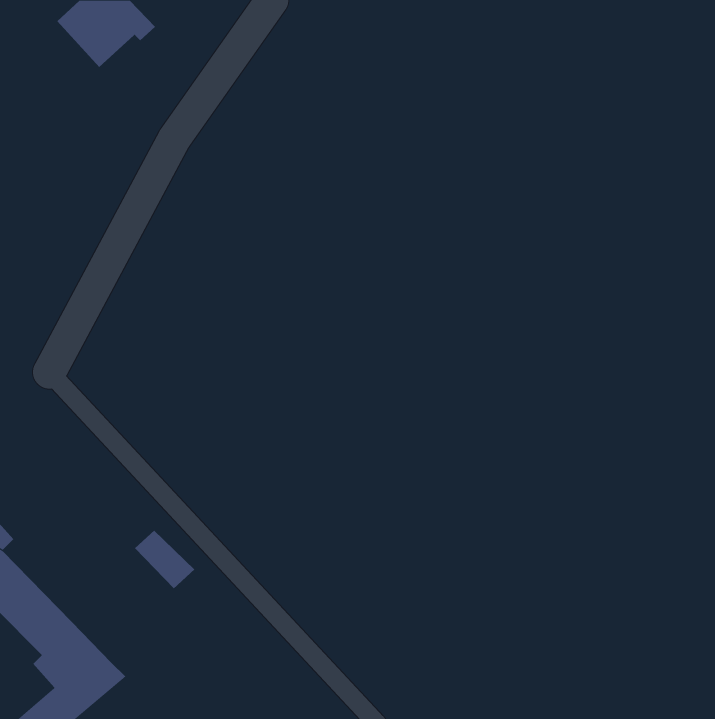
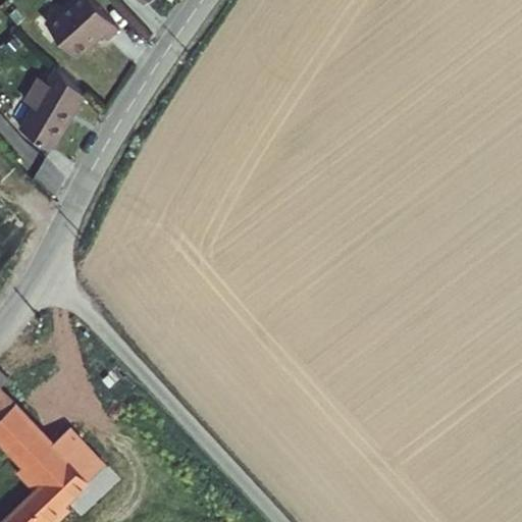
building: none -> [20,71,80,149]
building: [134,530,195,589] -> [52,437,96,480]

